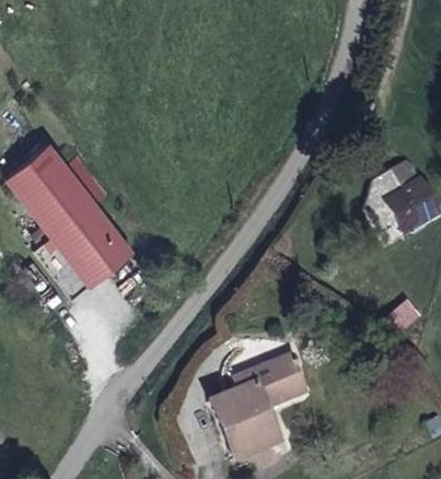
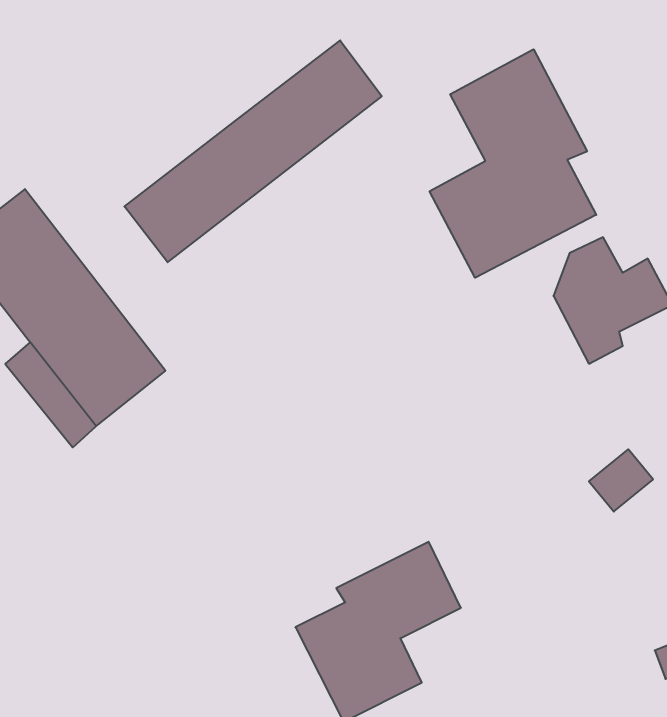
building: none -> [124,40,382,262]
building: none -> [430,49,596,278]

